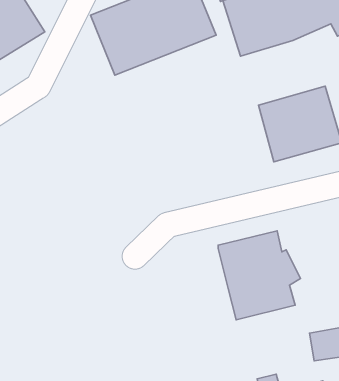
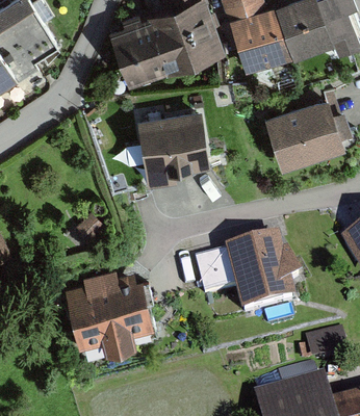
building: none -> [135,114,205,176]
building: none -> [197,253,235,297]
building: none -> [67,271,156,355]

